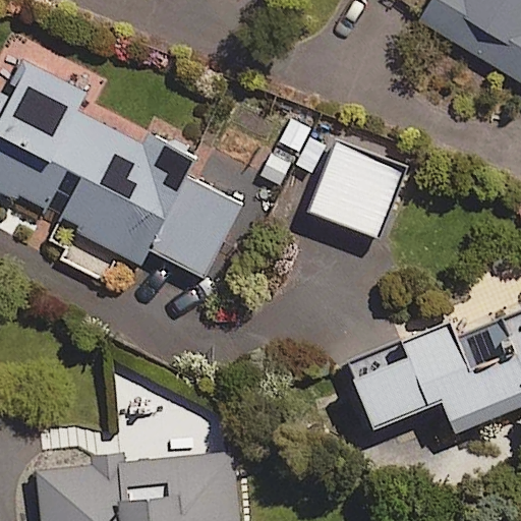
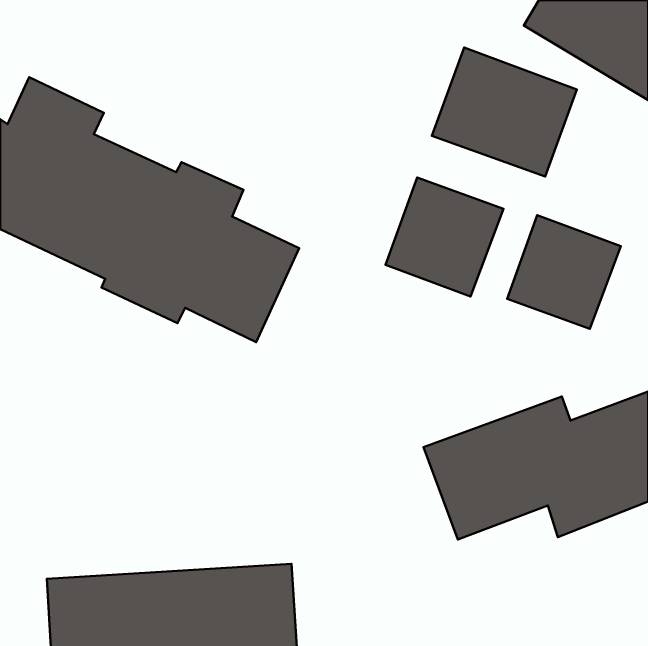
building: none -> [432,48,577,177]
building: none -> [507,215,621,329]

